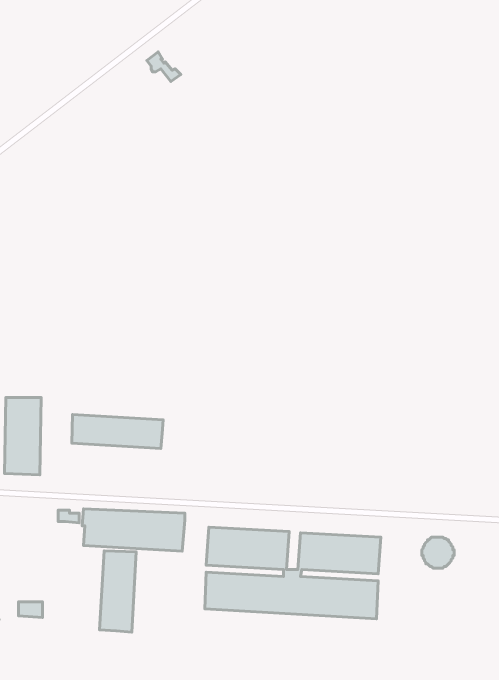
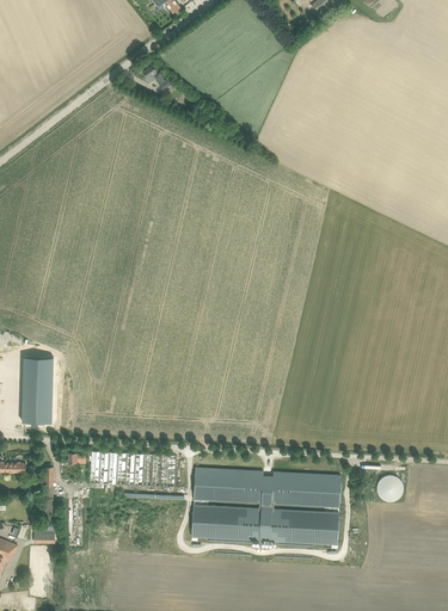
building: [72,415,163,448] -> none
building: [100,551,136,632] -> none

